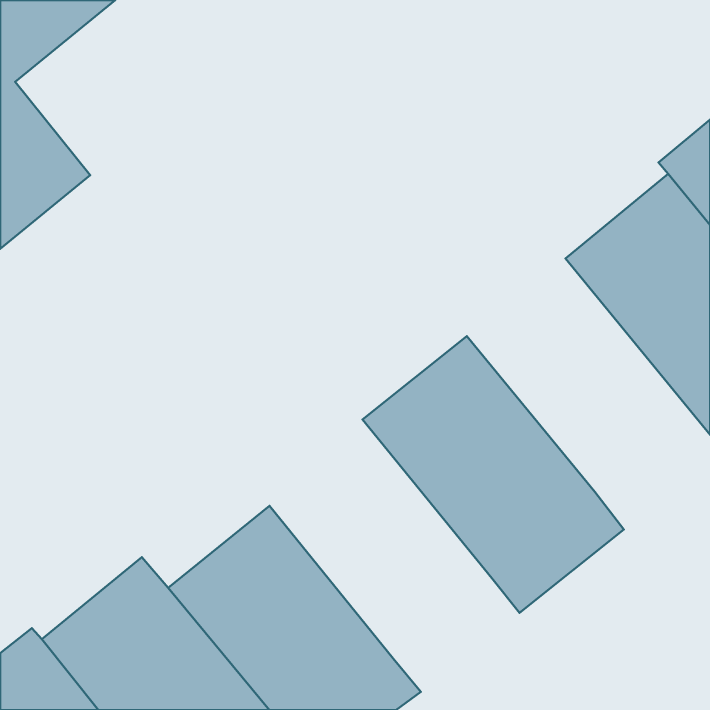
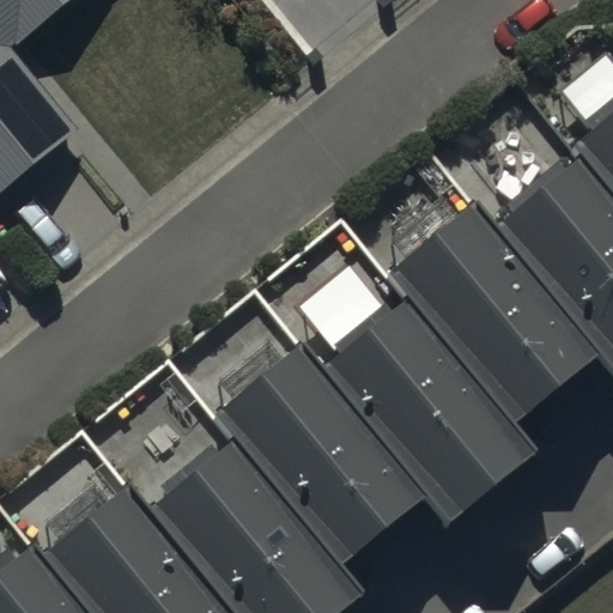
building: none -> [381,195,596,424]
building: none -> [208,339,424,568]

